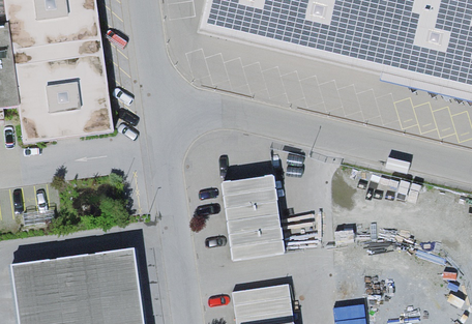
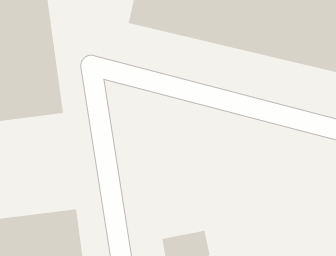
building: [220,159,284,249] -> none

